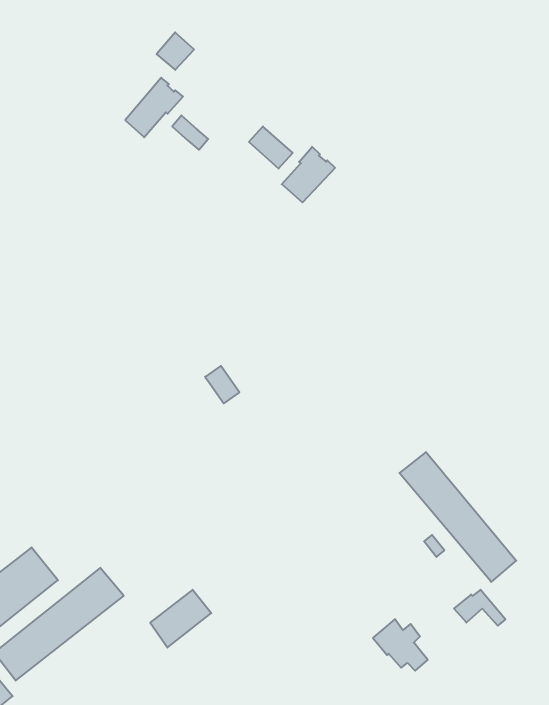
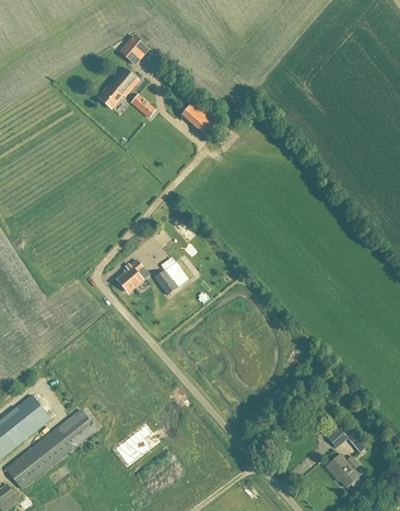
building: [282,147,335,202] -> none
building: none -> [117,260,149,290]
building: [399,452,516,582] -> none
building: [373,619,428,671] -> [325,453,363,489]

